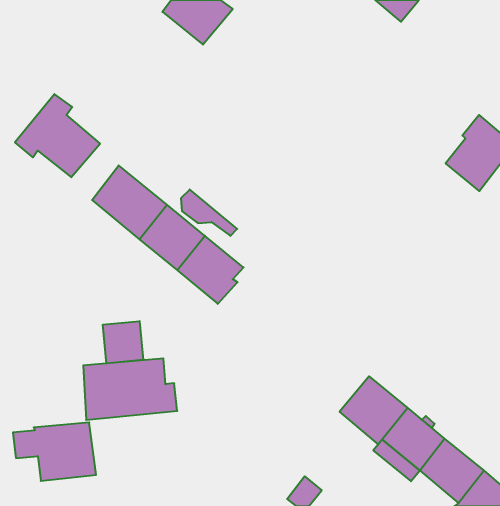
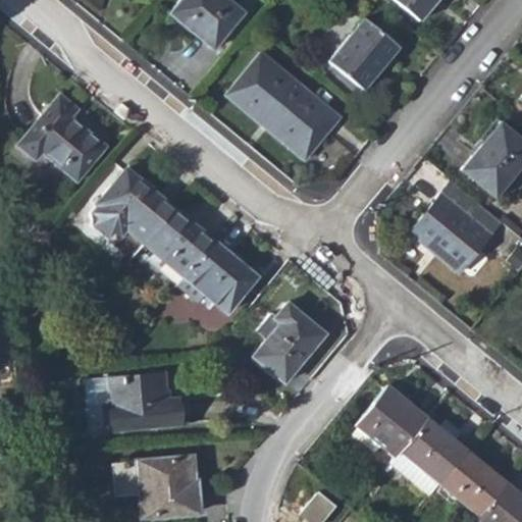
building: none -> [325,19,398,95]
building: none -> [228,53,342,162]
building: none -> [413,180,503,268]
building: [181,189,237,236] -> [92,206,150,254]
building: none -> [256,302,328,380]
building: [103,321,143,363] -> none
building: [13,422,96,481] -> [118,456,204,516]

